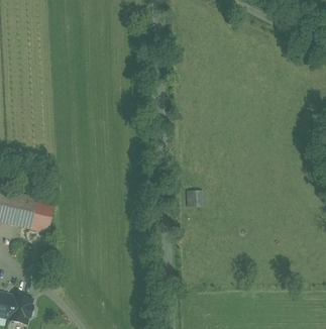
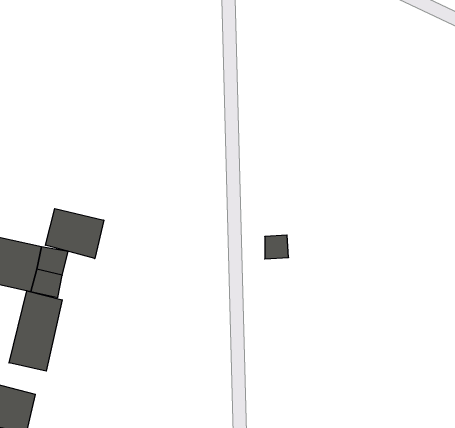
building: none -> [45,209,104,259]
building: none -> [9,291,62,371]

